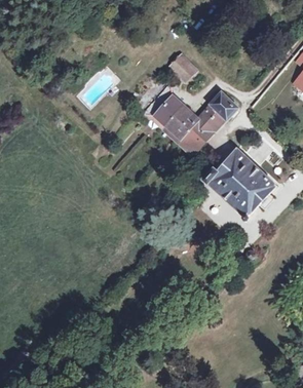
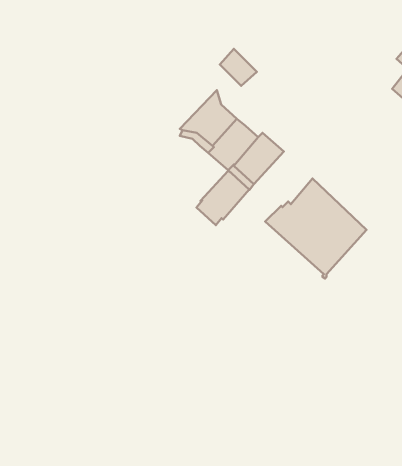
building: [201,92,238,129] -> none
building: none -> [197,171,249,225]

